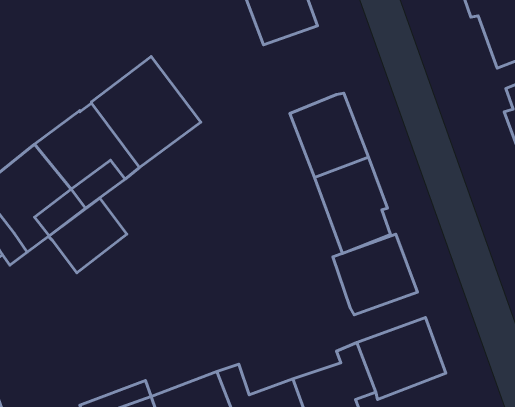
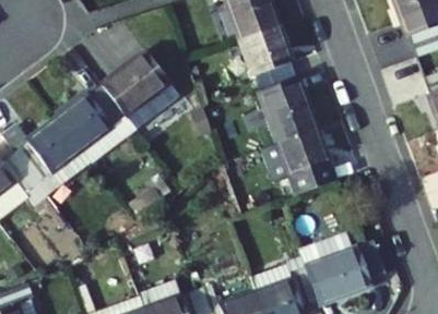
building: none -> [236,23,291,88]
building: [48,198,127,273] -> none
building: [333,234,417,315] -> none

